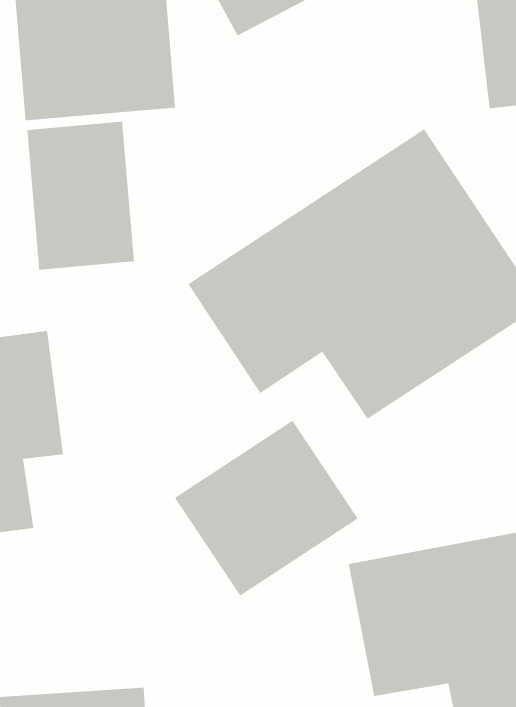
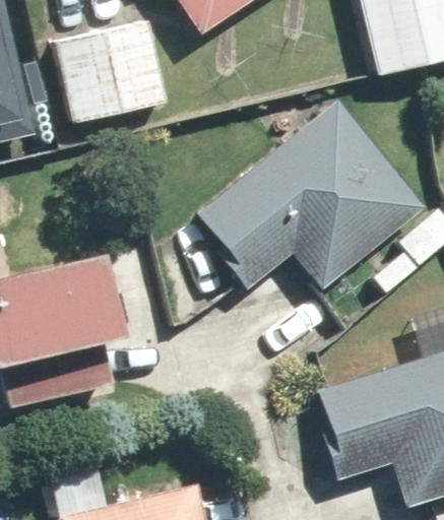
building: [27,121,135,271] -> none
building: [174,420,358,597] -> none

